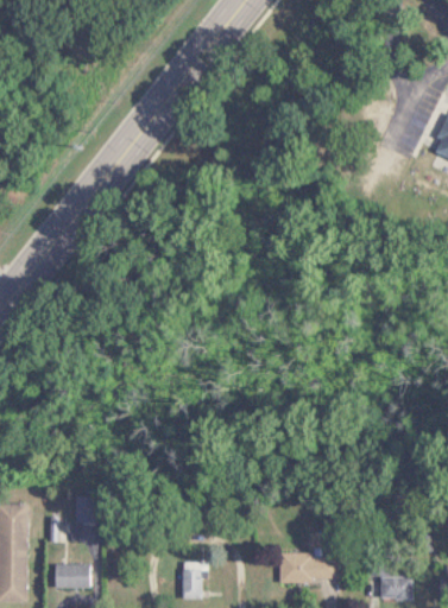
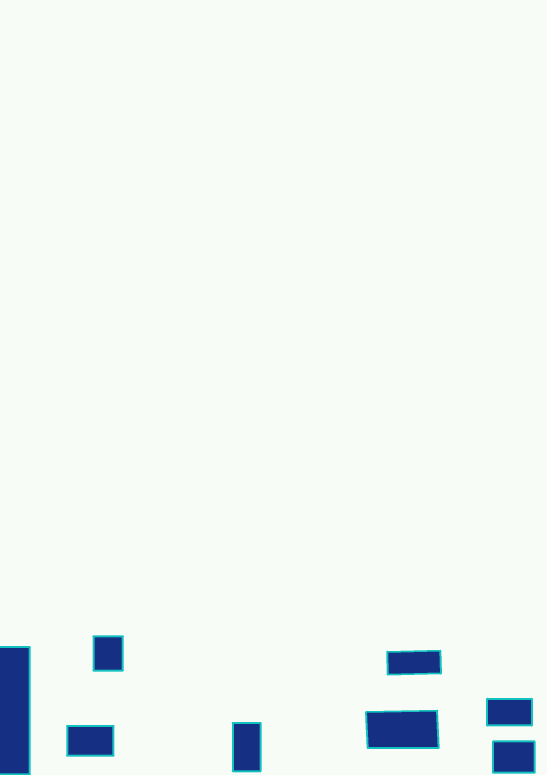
building: none -> [387,651,441,675]
building: none -> [487,699,532,726]

